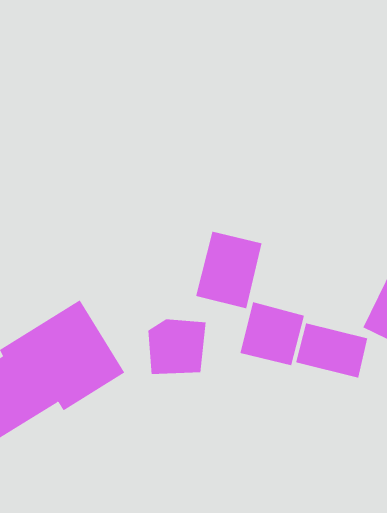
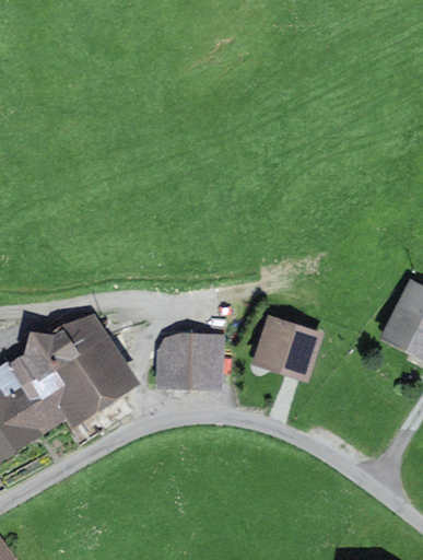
building: [196,231,262,309] -> none
building: [296,323,368,379] -> none

